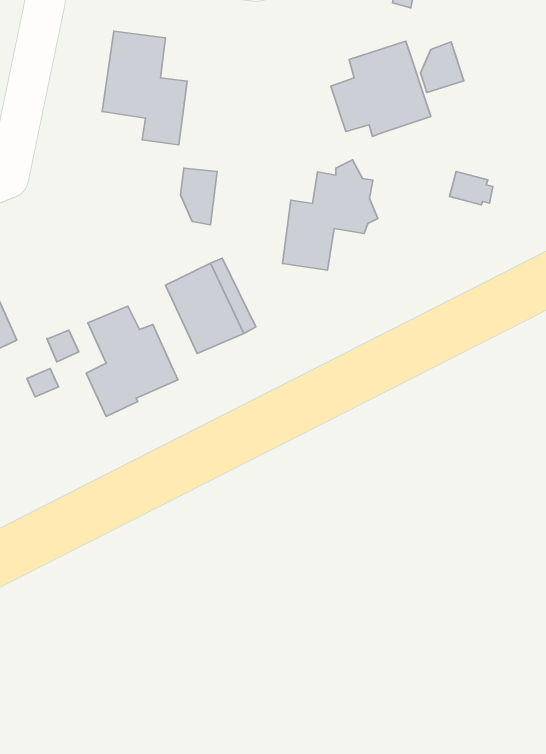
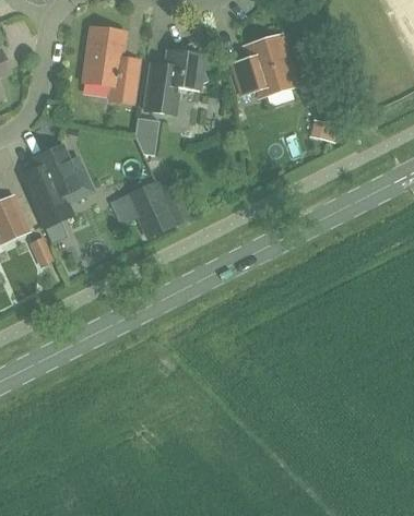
building: [420,42,464,92] -> none
building: [283,160,378,270] -> [145,43,208,115]
building: [86,306,178,416] -> [34,144,94,216]

